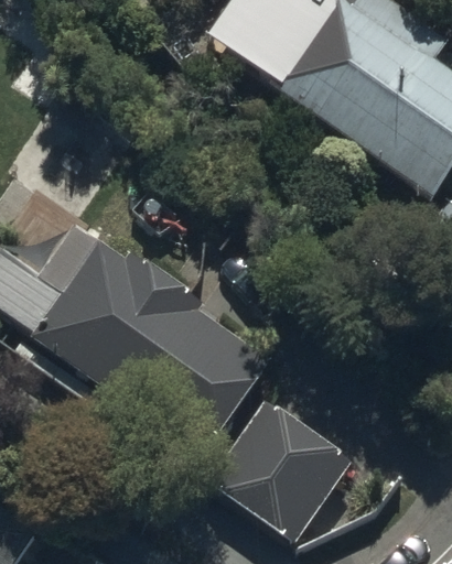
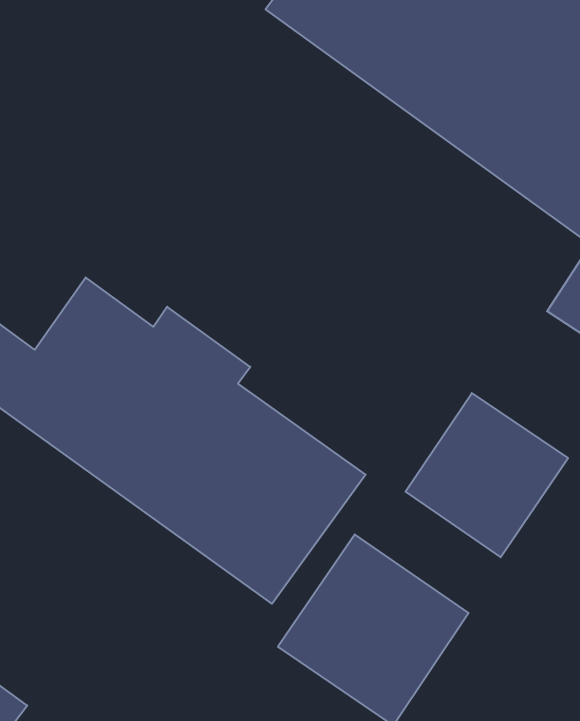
building: none -> [406,393,568,557]

